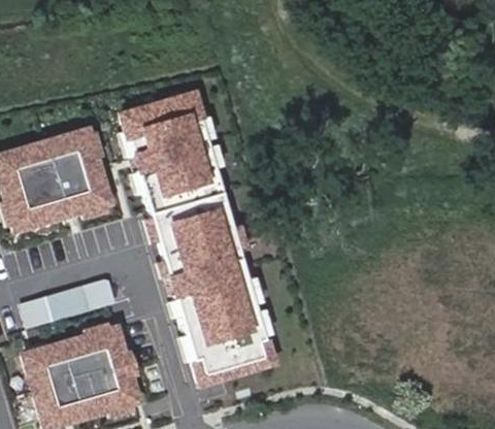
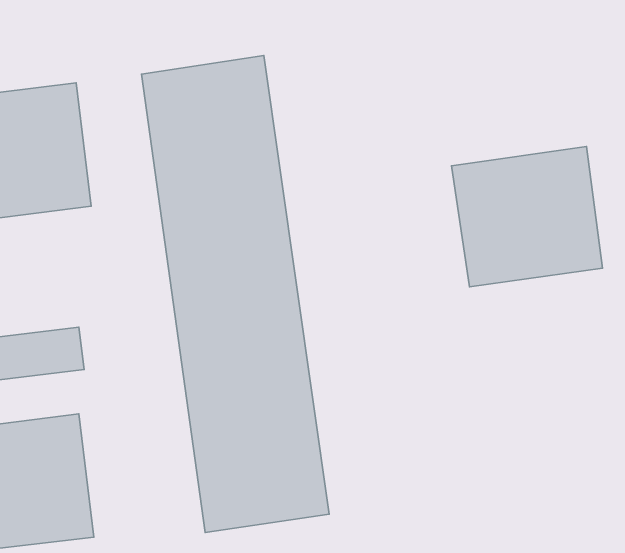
building: none -> [452,147,603,287]

